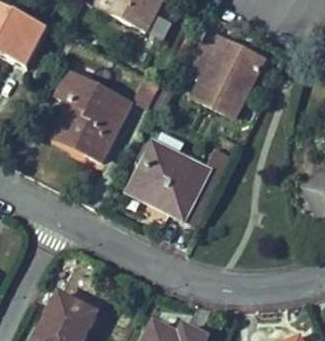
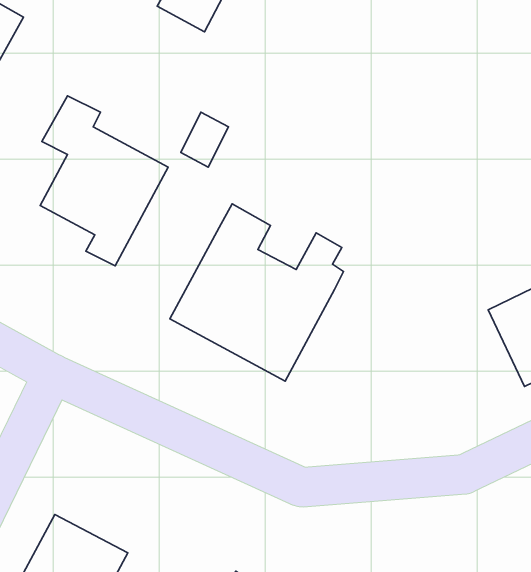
building: [189,30,262,115] -> none

